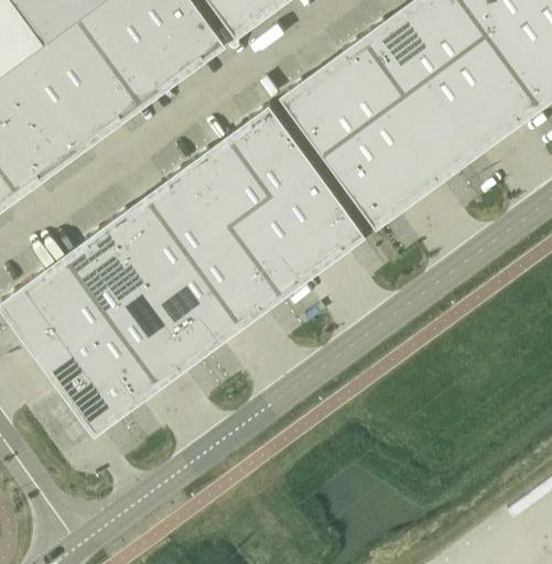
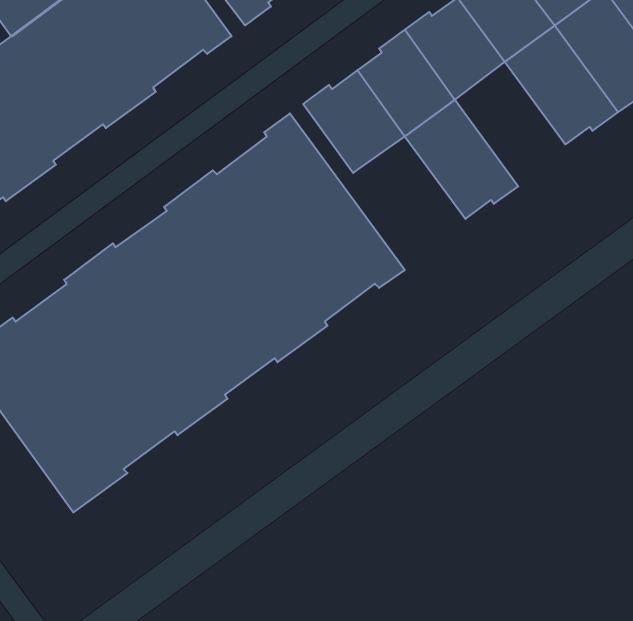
building: [403,65,494,166] -> none
building: [321,126,412,226] -> none

